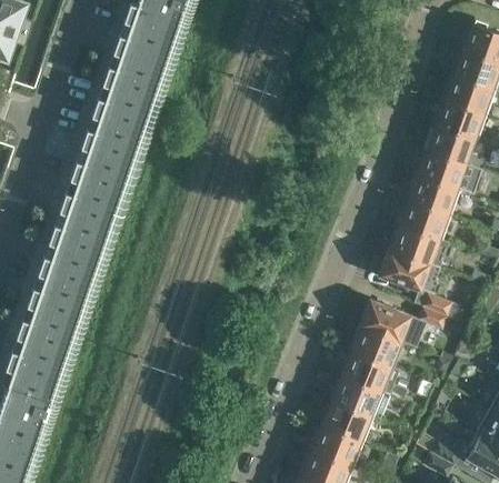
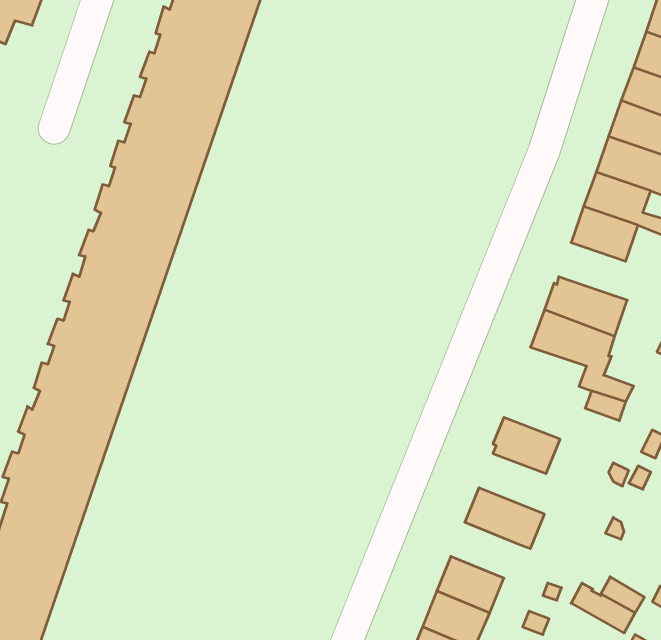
building: [398,199,446,237] -> none
building: [359,298,409,339] -> none
building: [341,349,406,398] -> none
building: [321,398,371,441] -> none

